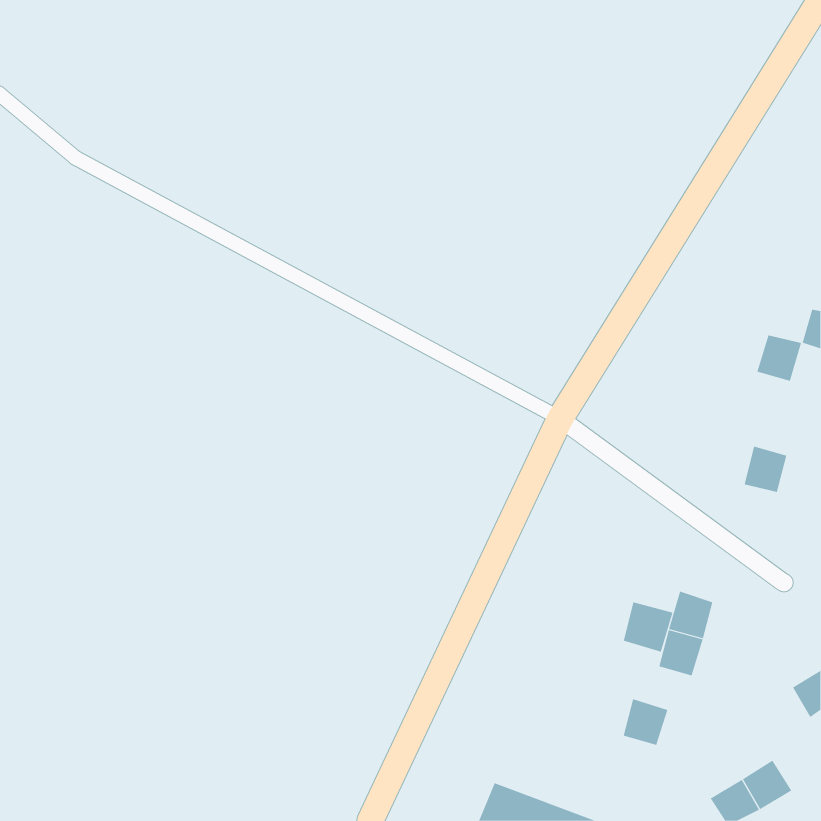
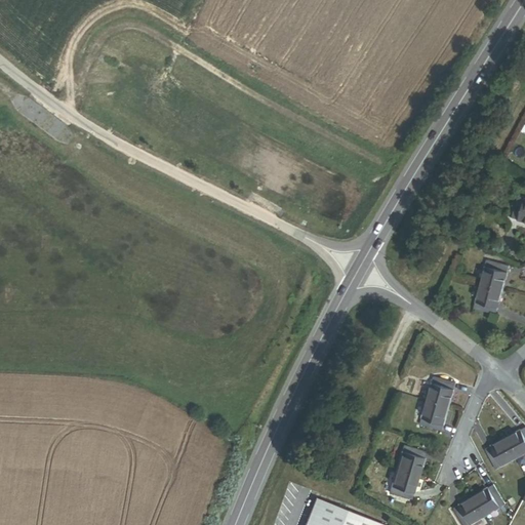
building: [757,335,802,382] -> [480,260,509,290]
building: [623,601,673,653] -> none
building: none -> [484,438,516,469]
building: none -> [390,469,418,499]

